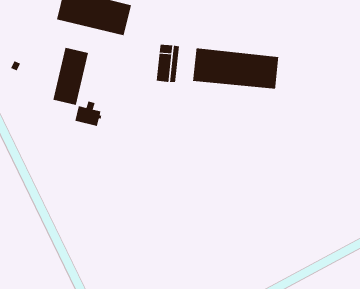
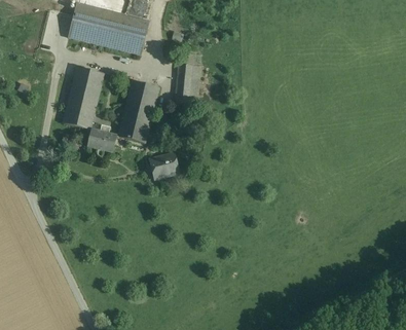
building: [193,48,279,90] -> none
building: none -> [118,79,158,142]
building: none -> [149,152,179,178]

